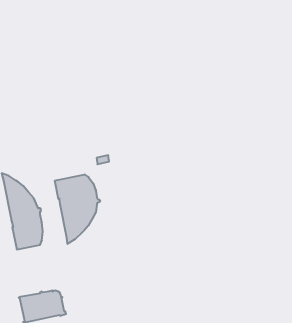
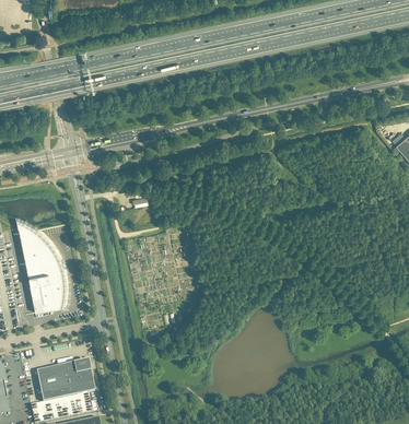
building: [55,174,100,244] -> none

